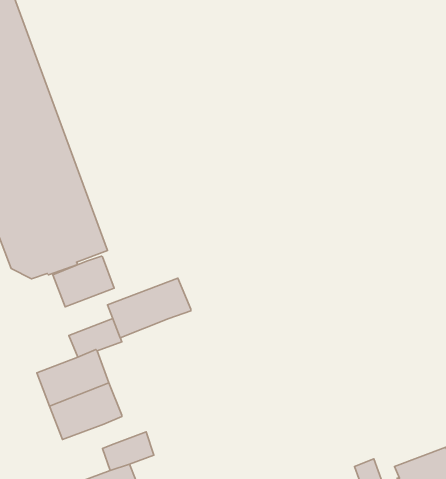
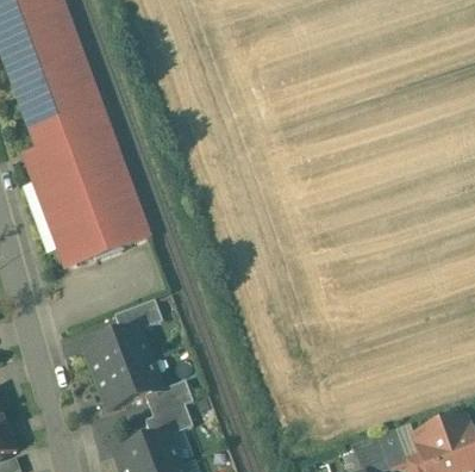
building: [53,256,114,307] -> none
building: [107,278,191,338] -> none
building: none -> [145,378,193,414]

